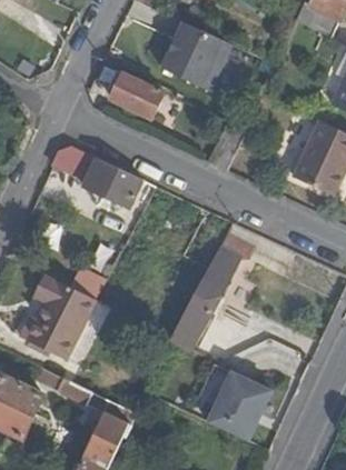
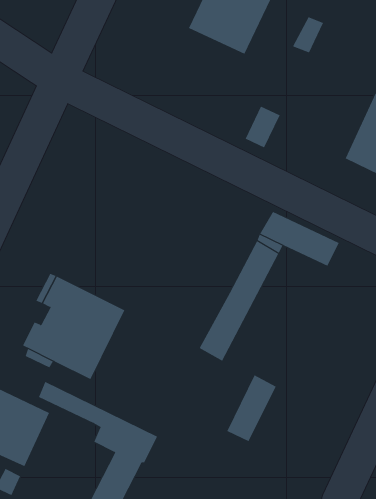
building: [110,72,164,118] -> none
building: [51,147,141,207] -> none
building: [210,376,276,443] -> none

